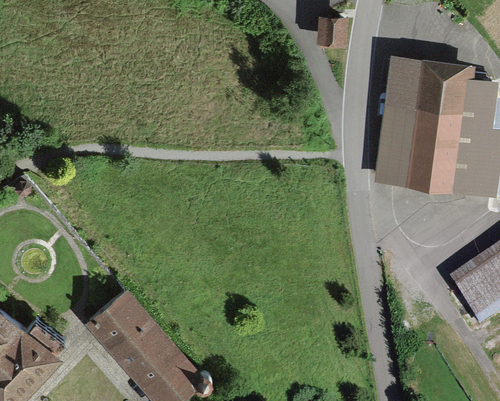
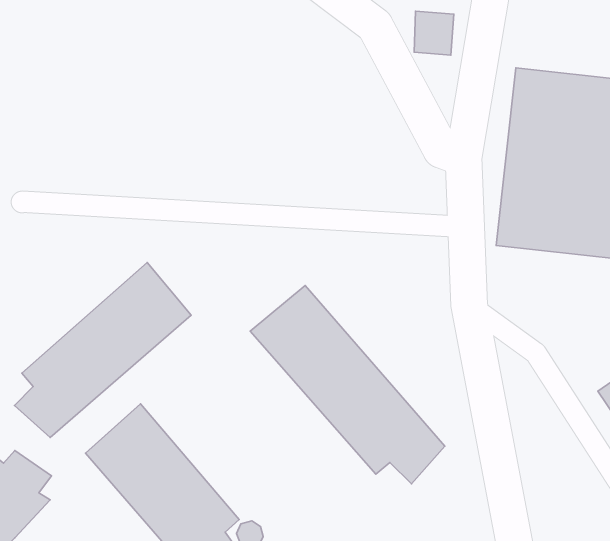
building: none -> [14,263,191,438]
building: none -> [250,285,445,484]

